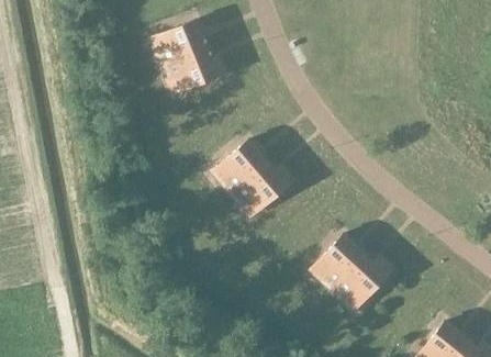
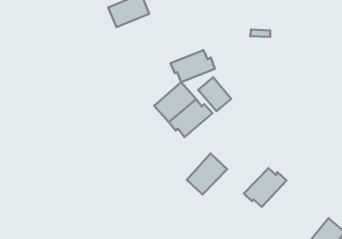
building: [167,46,226,89] -> [171,50,215,82]
building: none -> [198,77,231,111]
building: [316,232,370,287] -> [187,154,227,195]

